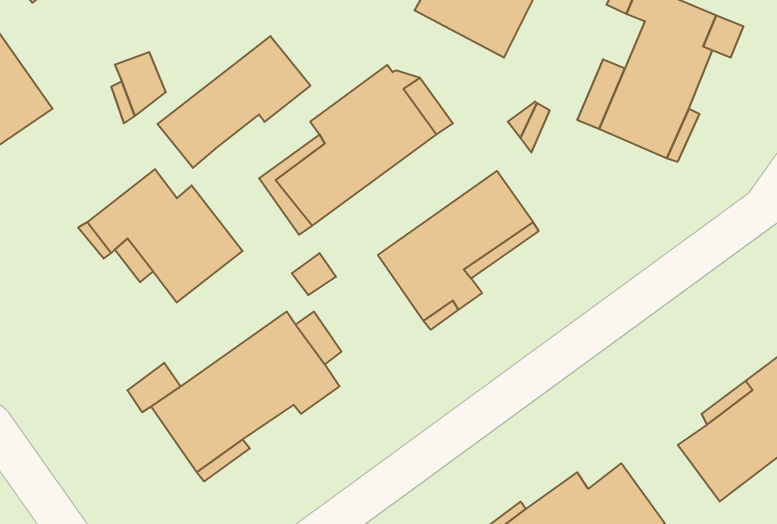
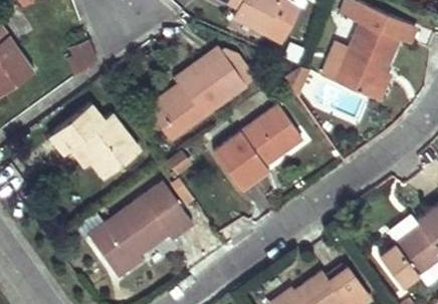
building: [157,36,310,168] -> none

